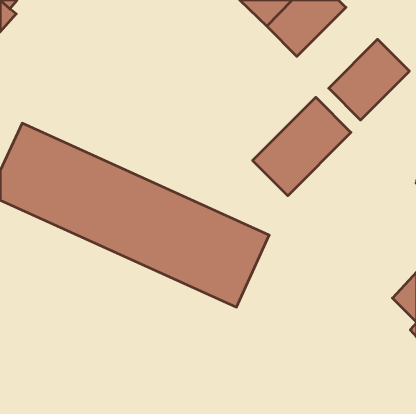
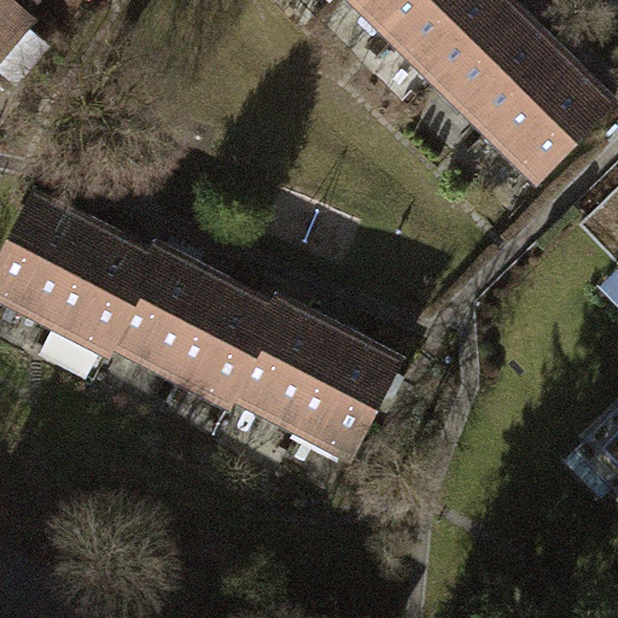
building: none -> [441,16,560,135]
building: [253,97,351,196] -> none

